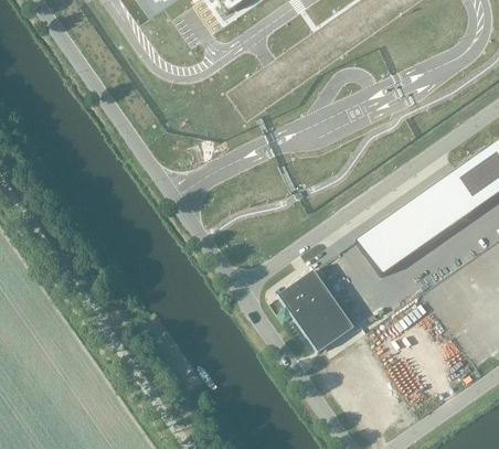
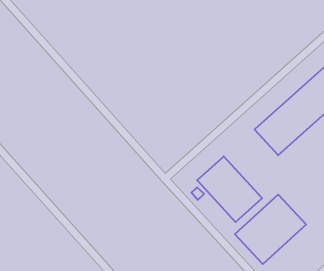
building: none -> [235,195,306,264]

